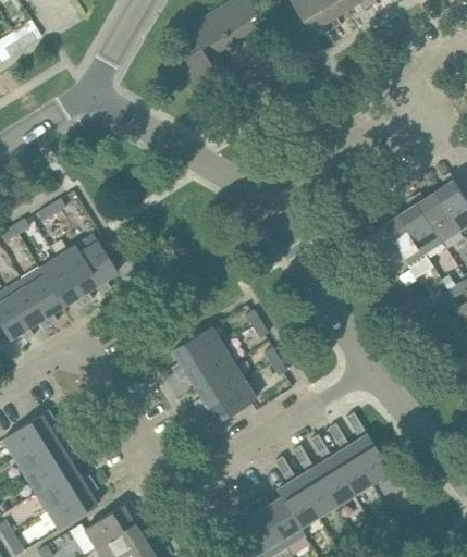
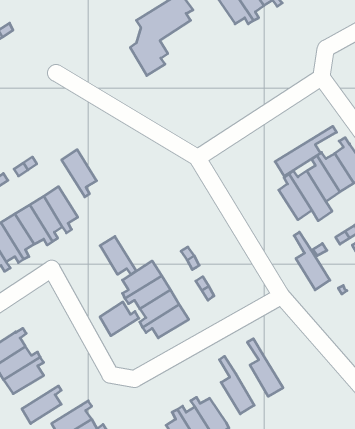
building: none -> [275,126,337,176]
building: none -> [62,150,97,197]
building: none -> [100,236,136,274]
building: none -> [100,302,139,336]
building: [346,412,391,484] -> [294,232,330,290]
building: [310,434,354,506] -> none
building: [274,456,319,528] -> none
building: [36,469,93,510] -> none

